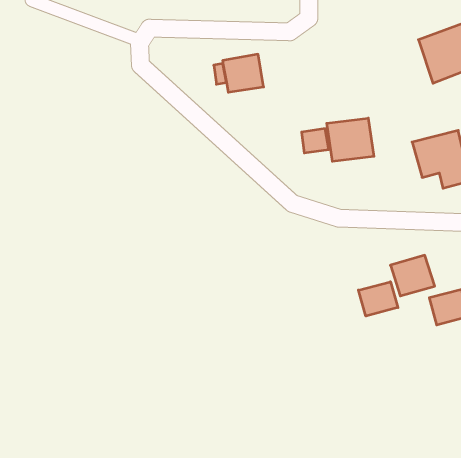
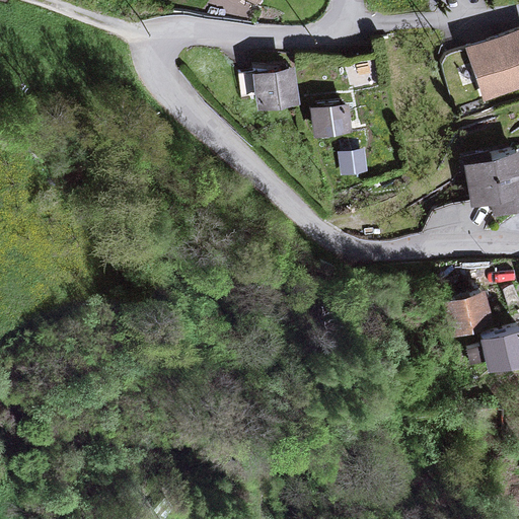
building: none -> [314,104,350,135]
building: [327,118,374,161] -> none
building: [358,282,398,316] -> none

